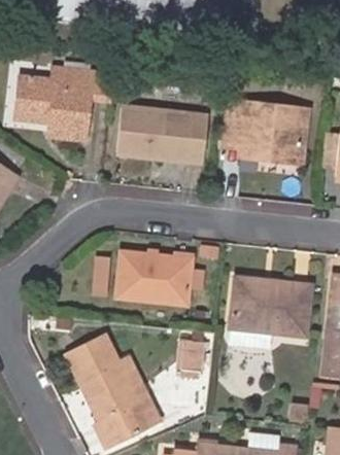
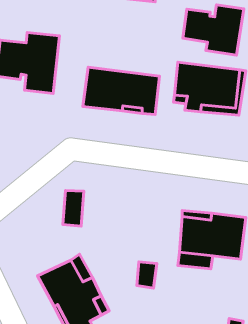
building: none -> [183,5,244,55]
building: [118,253,193,305] -> none

